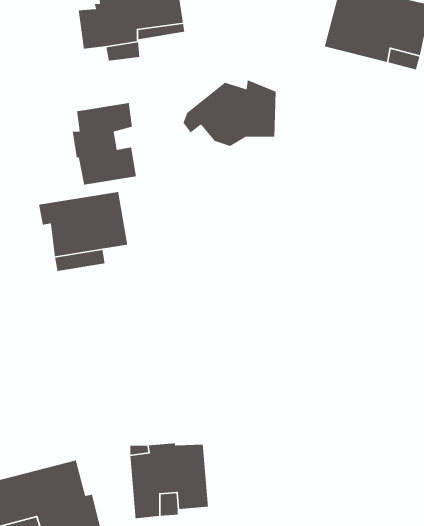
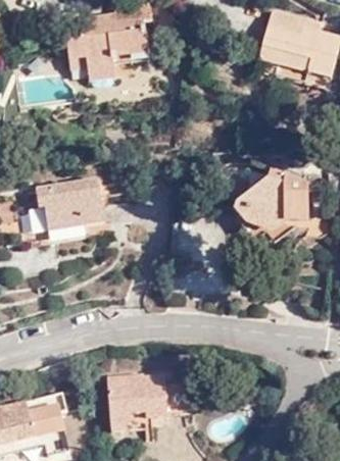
building: [182,79,276,147] -> [234,174,306,226]
building: [72,102,137,186] -> none

